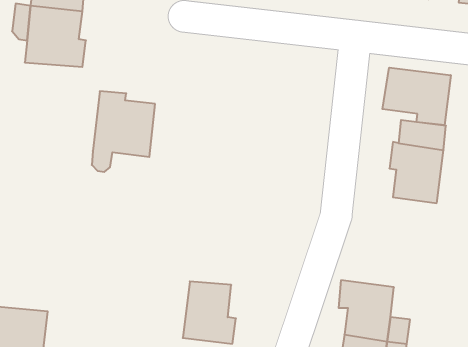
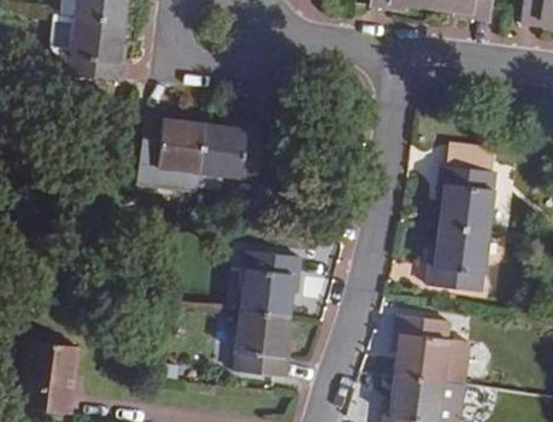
building: [382,68,451,125] -> none
building: none -> [193,128,261,203]
building: none -> [433,228,494,293]
building: none -> [236,258,294,320]

